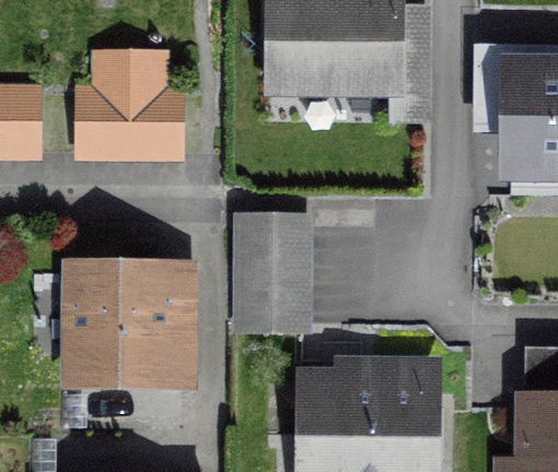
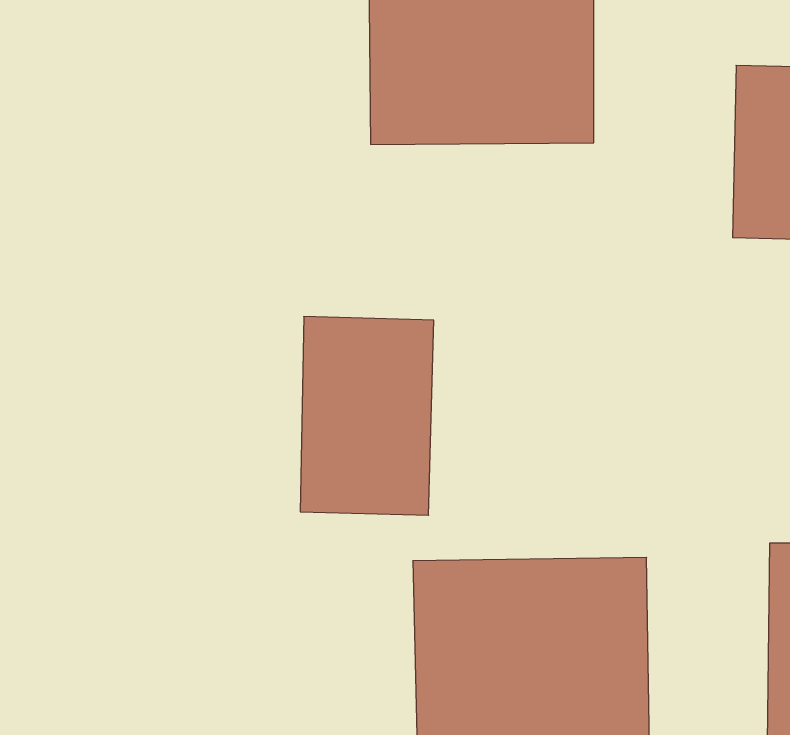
building: [75,75,168,139] -> none
building: [63,263,193,392] -> none

